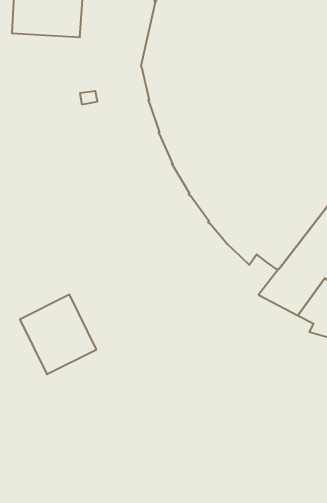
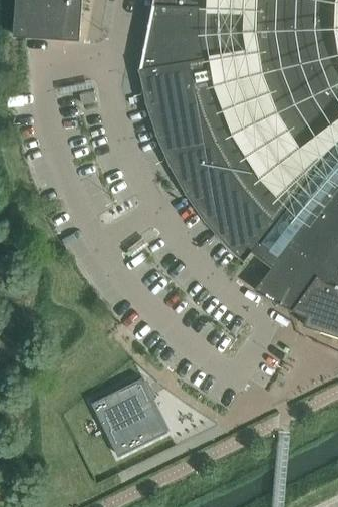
building: [20,295,96,374] -> [98,372,173,450]

